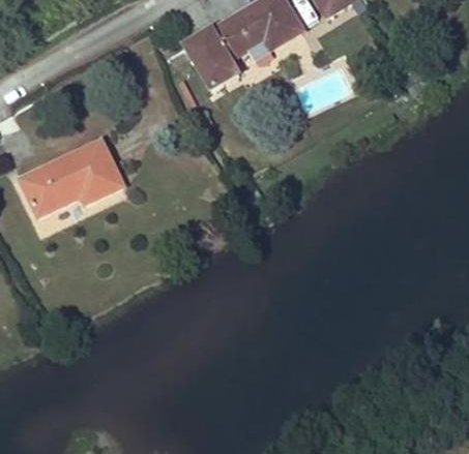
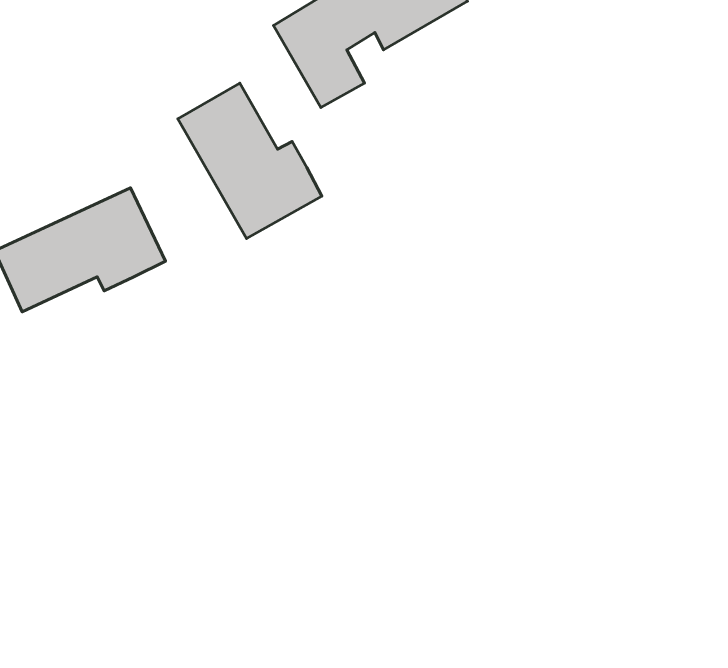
building: none -> [178,83,322,239]

